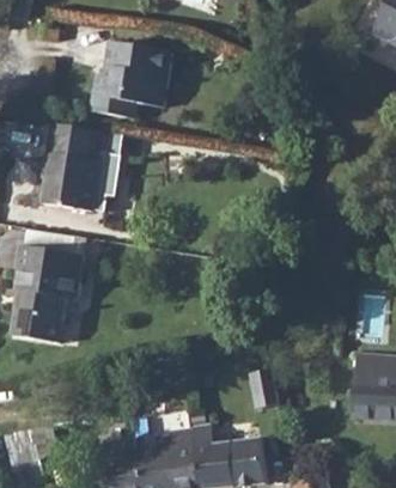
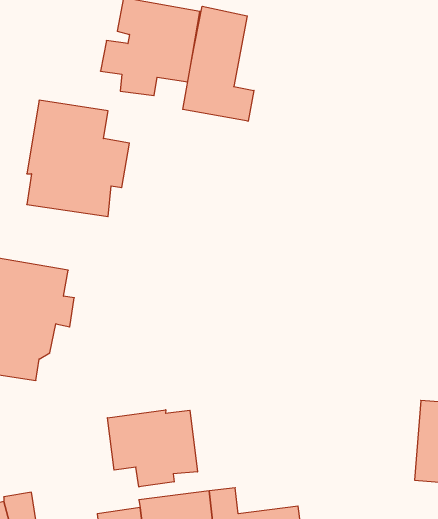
building: none -> [183,6,254,121]
building: none -> [107,410,197,487]

